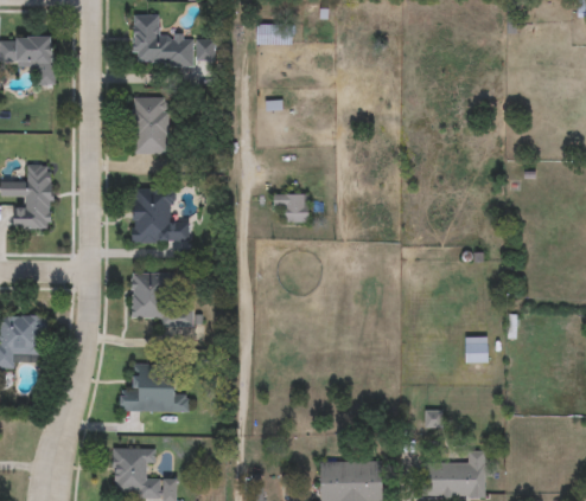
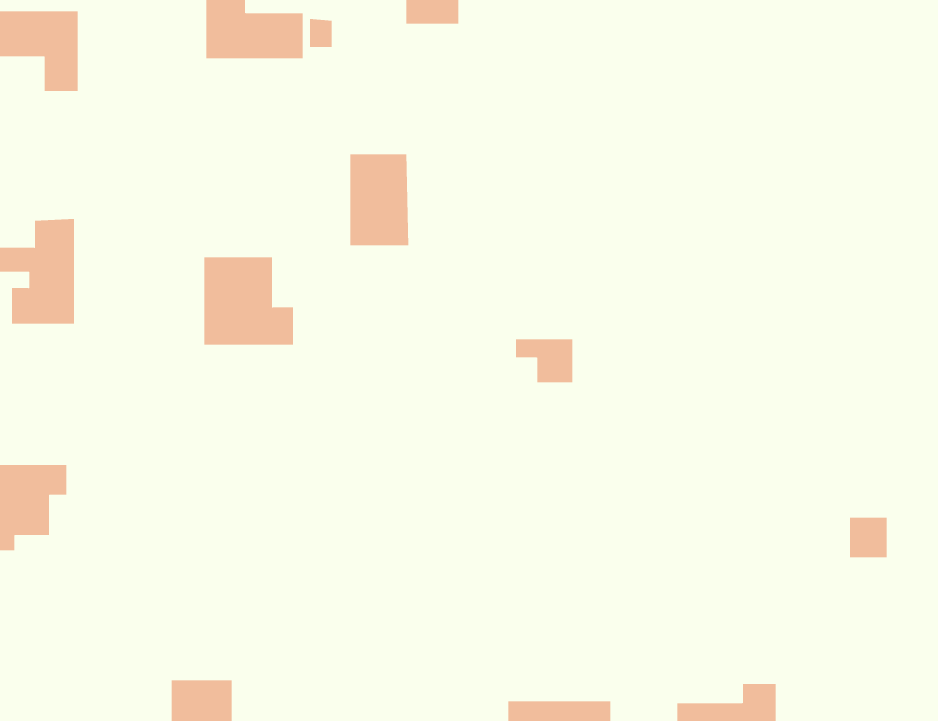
building: [132,97,168,154] -> [350,154,409,246]
building: [273,194,308,221] -> [515,339,573,383]
building: [130,272,192,326] -> none
building: [464,336,488,361] -> [849,517,887,558]
building: [119,374,189,413] -> none

